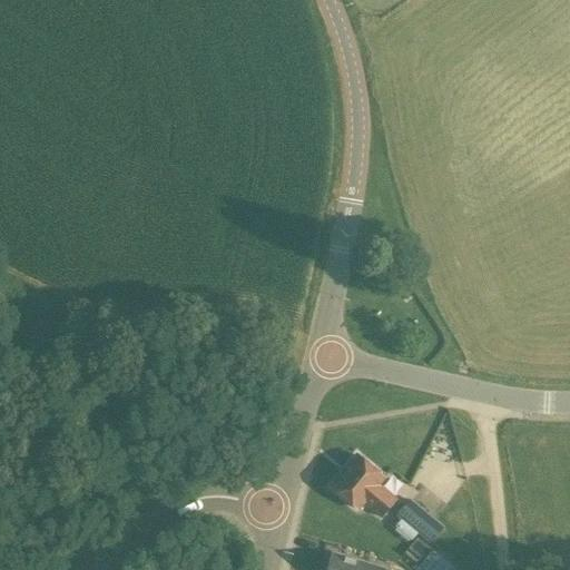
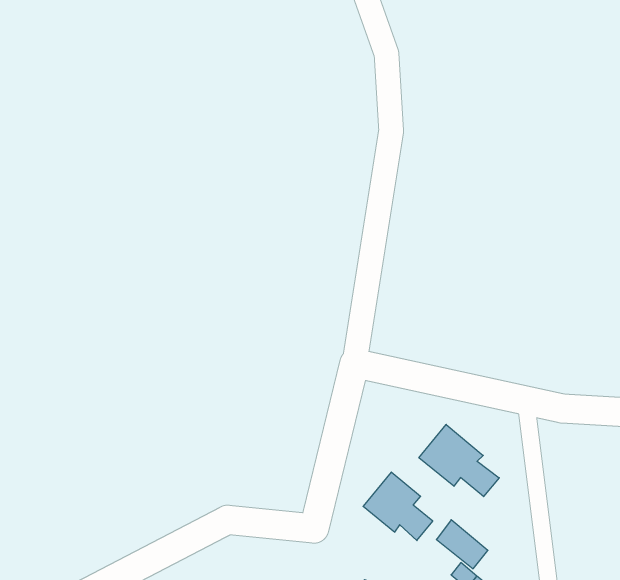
building: none -> [419,424,499,497]

